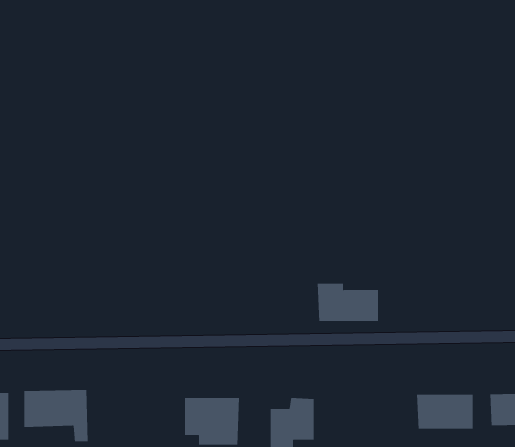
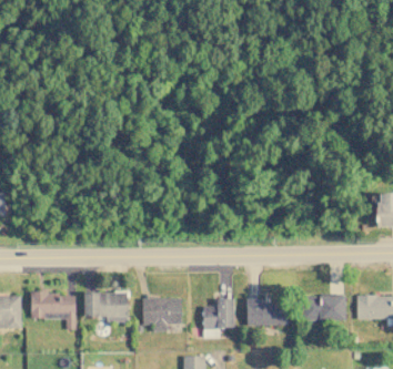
building: [317,283,379,321] -> [246,298,290,325]
building: none -> [84,291,128,322]

